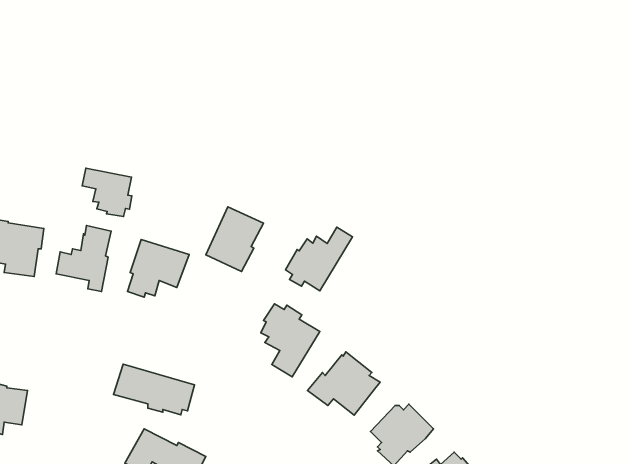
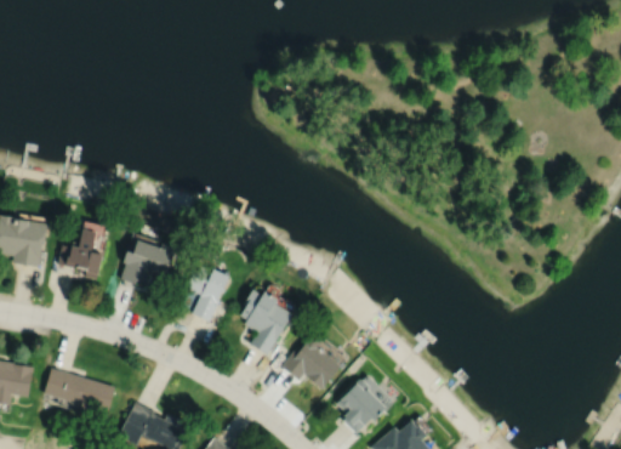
building: [82,168,132,217] -> none
building: [206,207,264,271] -> [178,263,229,320]
building: [286,227,352,291] -> none
building: [114,364,194,415] -> [45,368,116,413]

